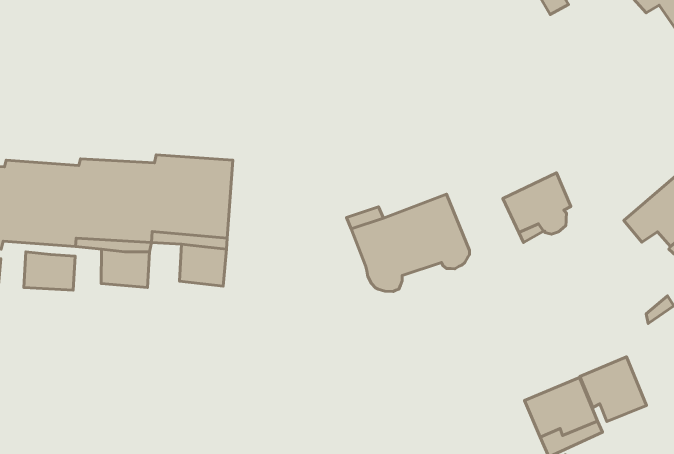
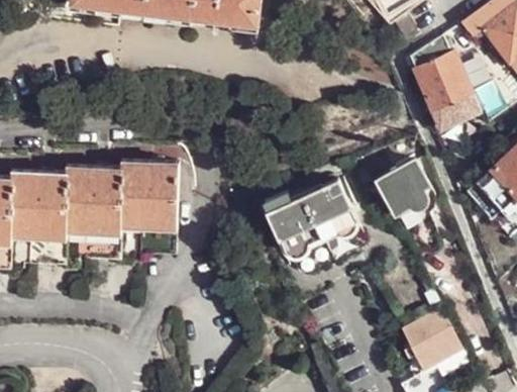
building: none -> [405,36,481,131]
building: [580,357,646,422] -> none

